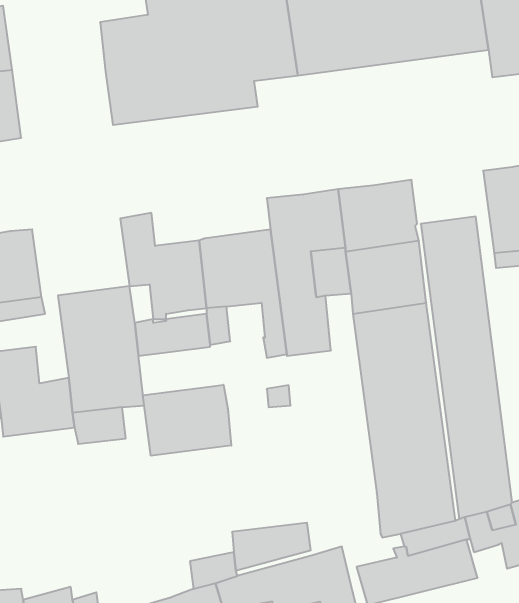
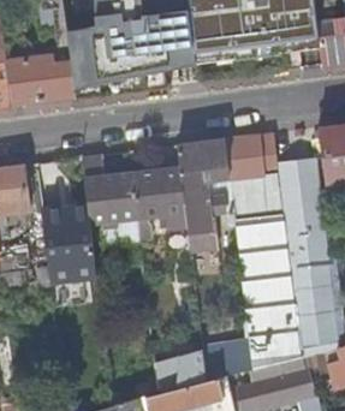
building: none -> [10,55,76,106]
building: [143,385,231,456] -> none
building: none -> [202,339,251,376]

